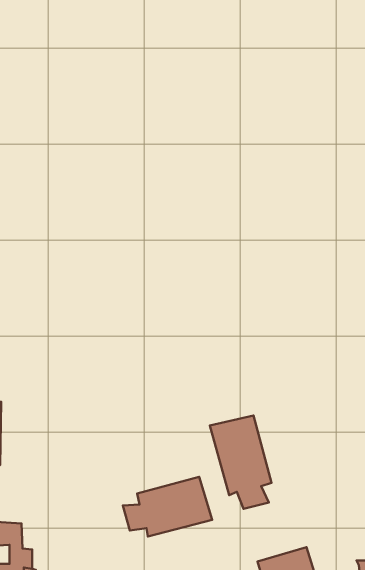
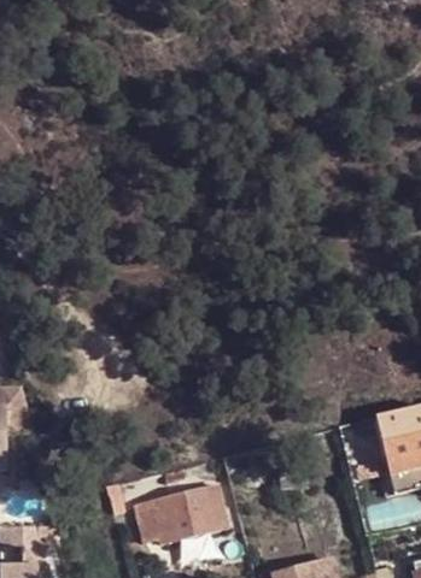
building: [210,415,272,509] -> none

